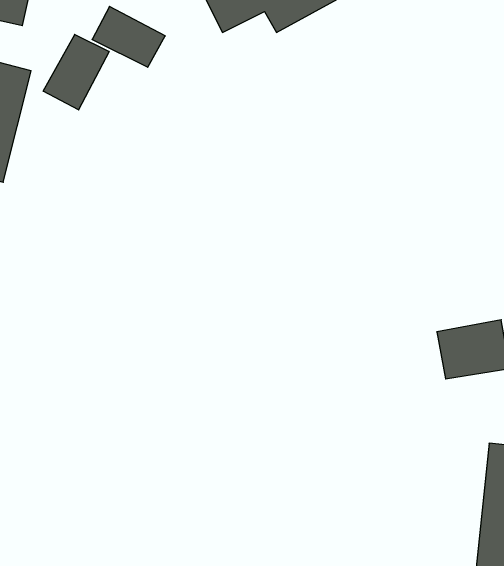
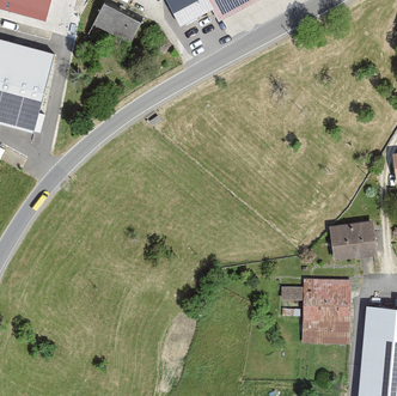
building: [43,34,109,110] -> none
building: none -> [301,281,350,347]

